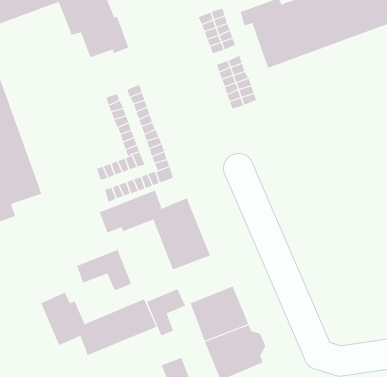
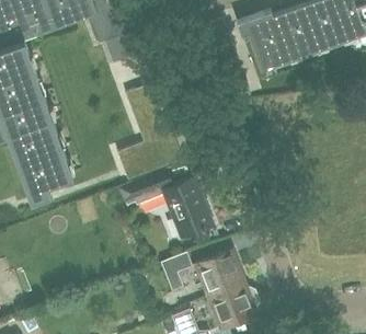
building: [77,249,132,291] -> none
building: [40,292,157,356] -> none

